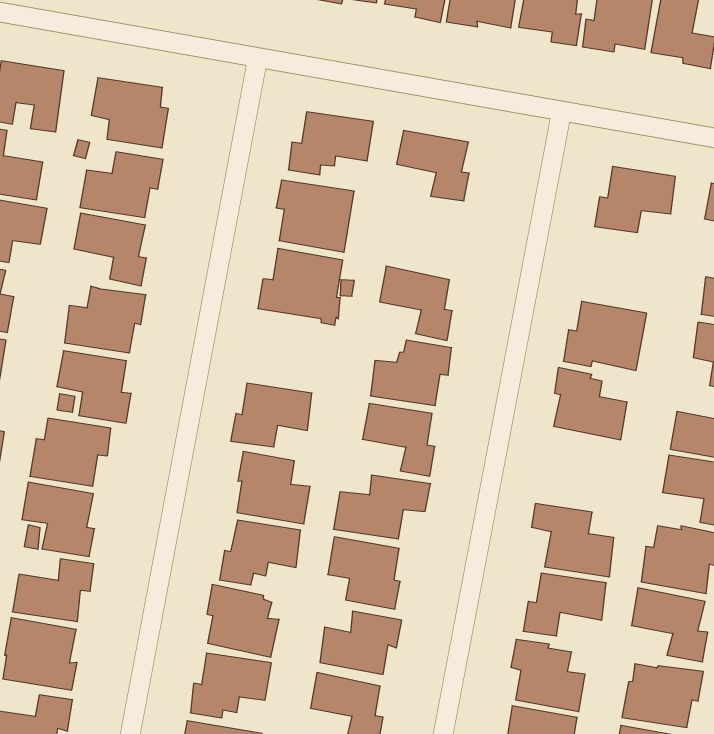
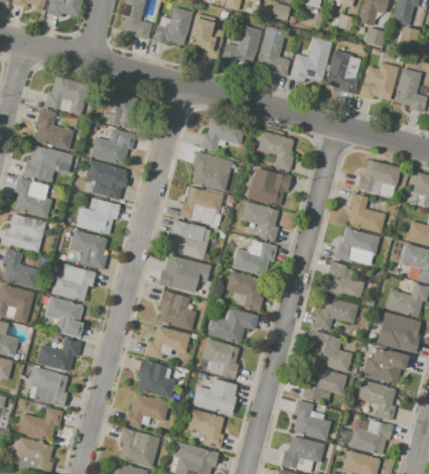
building: none -> [247,167,291,205]
building: none -> [346,193,385,234]
building: none -> [169,219,210,259]
building: none -> [313,297,358,332]

